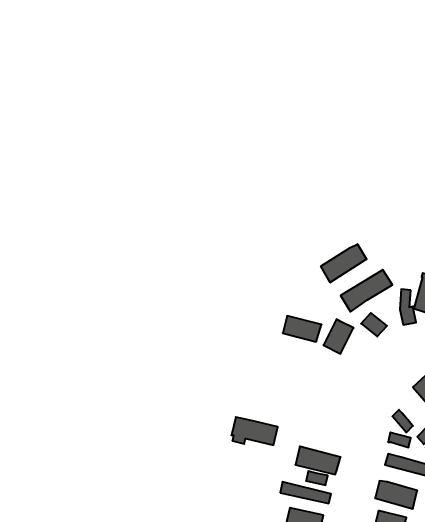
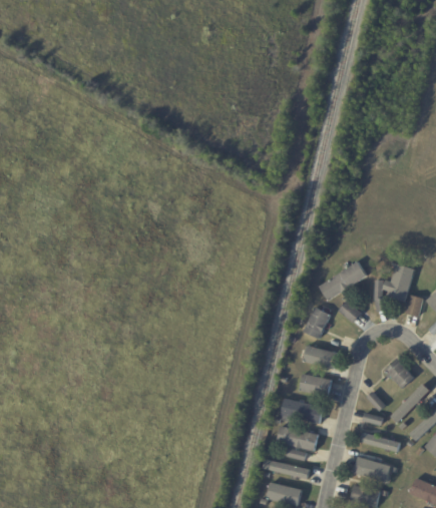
building: [321,244,367,283] -> none
building: [283,316,322,342] -> [303,345,339,369]
building: none -> [299,373,332,396]
building: [231,417,278,445] -> [281,398,324,424]

